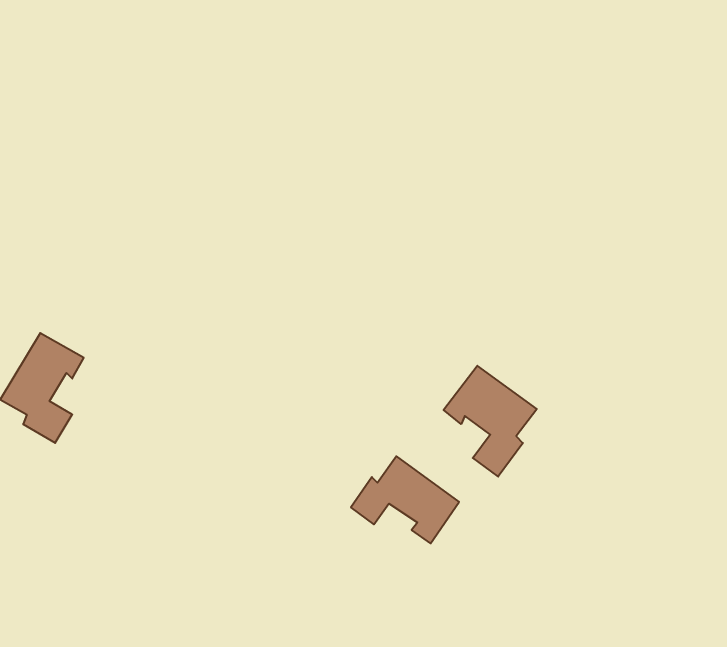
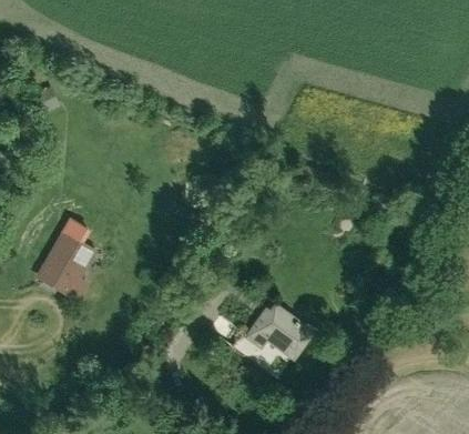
building: [444,366,537,477] -> none

